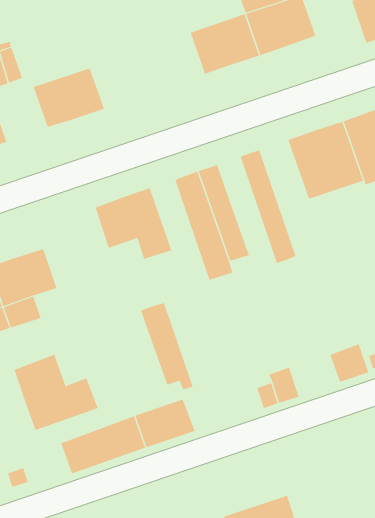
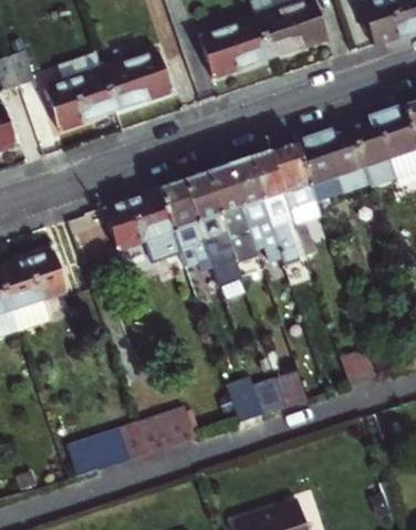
building: none -> [101,50,171,111]
building: none -> [270,142,322,254]
building: none -> [228,158,284,263]
building: [140,303,193,390] -> [160,181,214,269]
building: [14,354,99,431] -> none
building: none -> [229,376,264,420]

